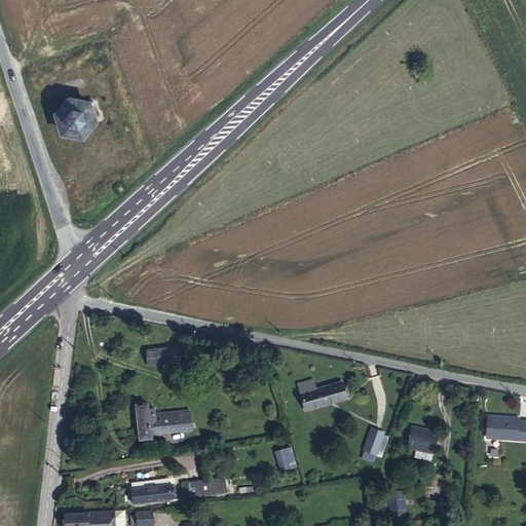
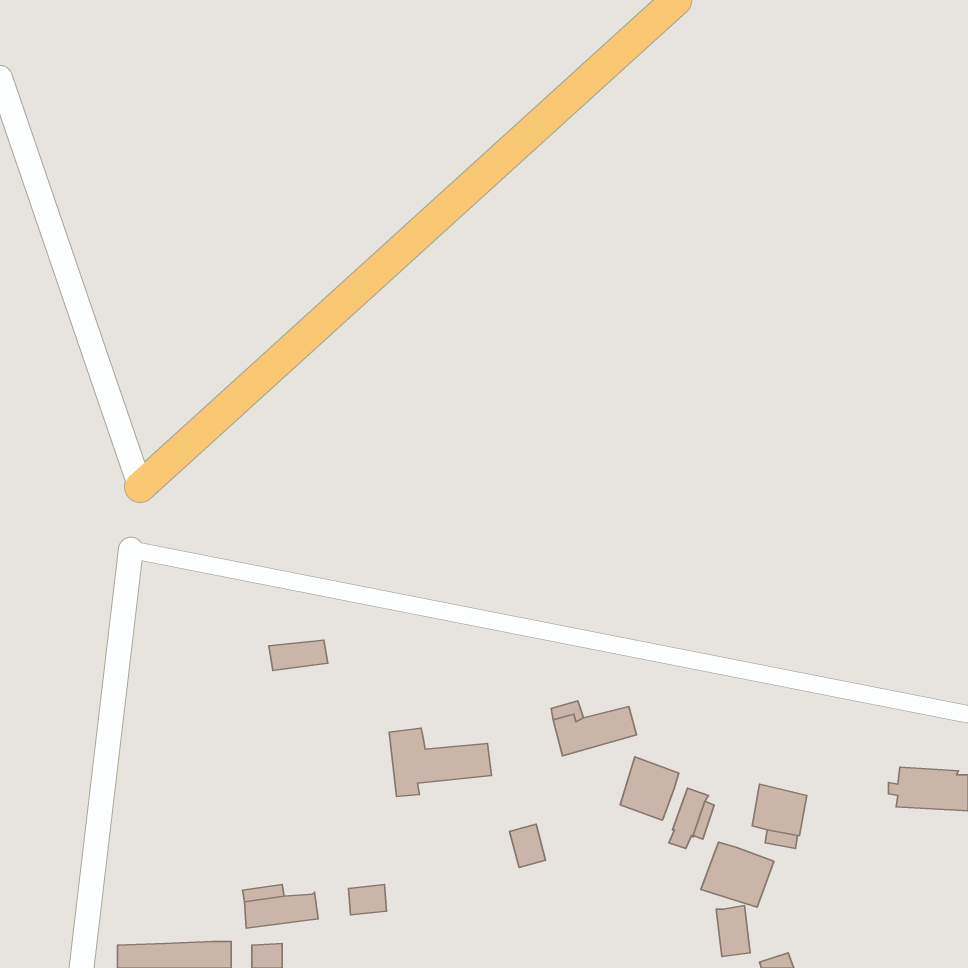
building: [58,99,96,137] -> none
building: [136,402,191,439] -> [389,728,491,796]
building: none -> [620,757,679,820]
building: none -> [701,842,774,907]

